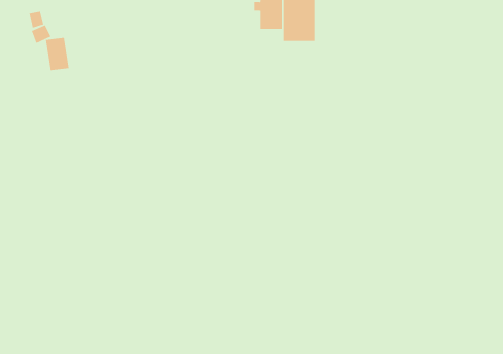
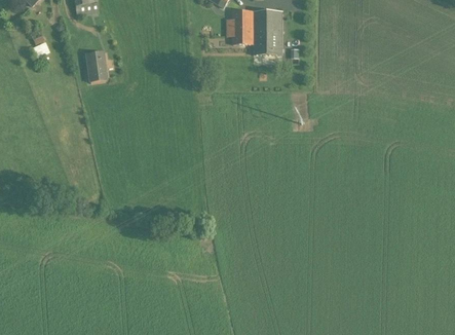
building: [45,37,69,71] -> [84,51,106,81]

